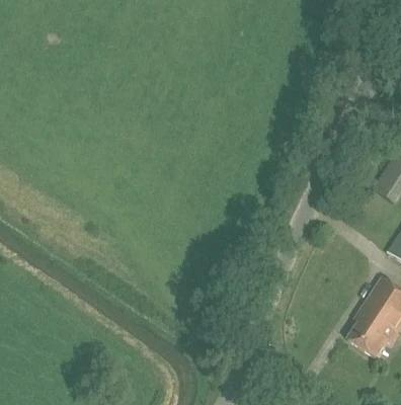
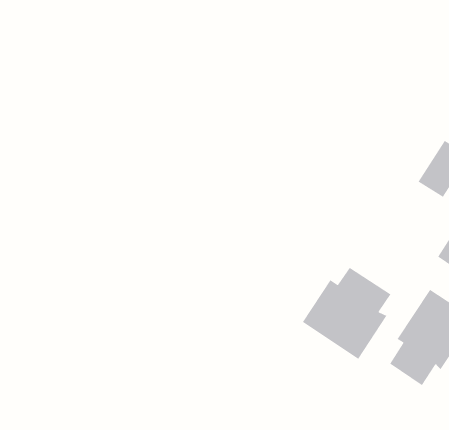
building: none -> [302,267,392,360]

